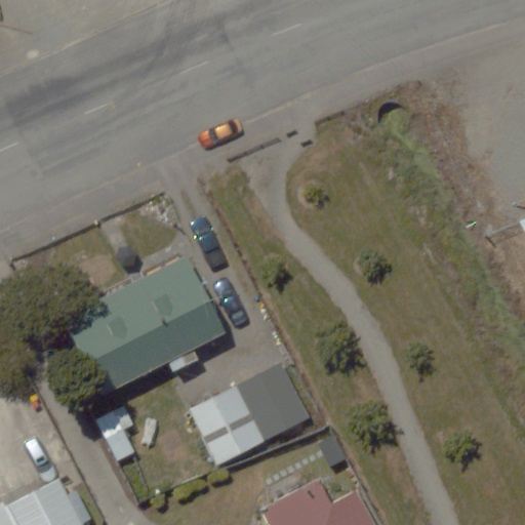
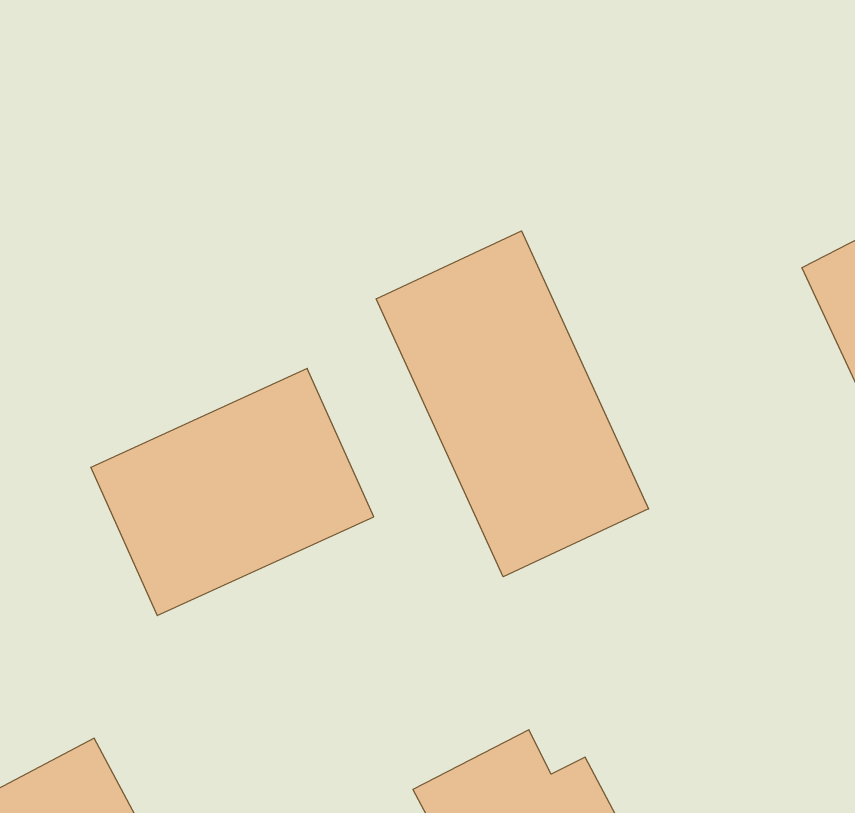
building: none -> [376,231,649,577]
building: [189,367,302,465] -> none

